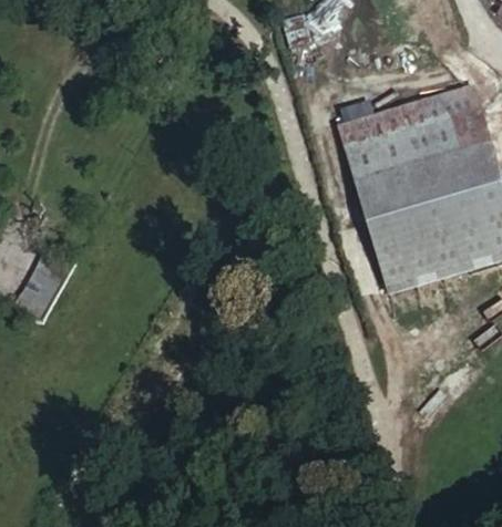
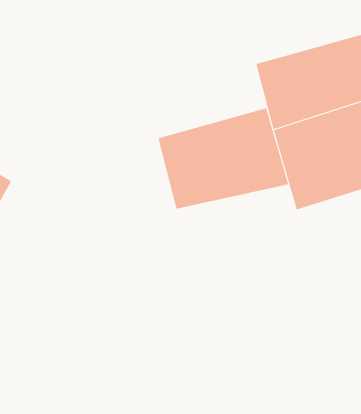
building: none -> [158,108,289,210]

